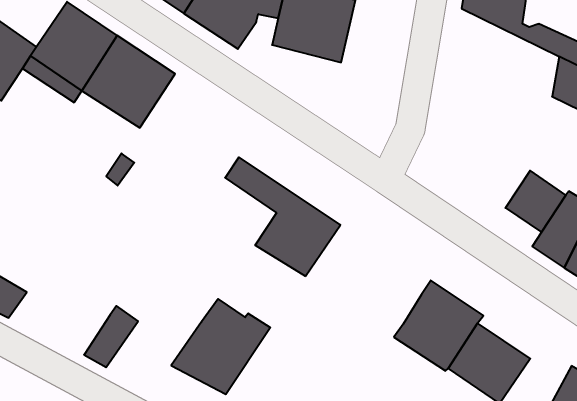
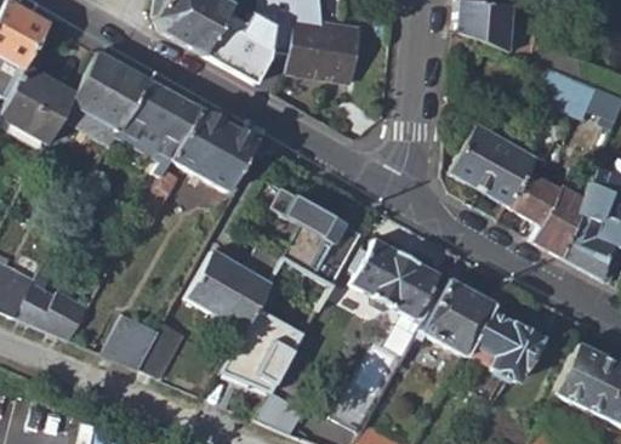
building: none -> [175,109,258,192]
building: none -> [450,125,535,206]
building: none -> [189,244,286,330]
building: none -> [351,238,439,319]
building: none -> [99,309,161,370]

